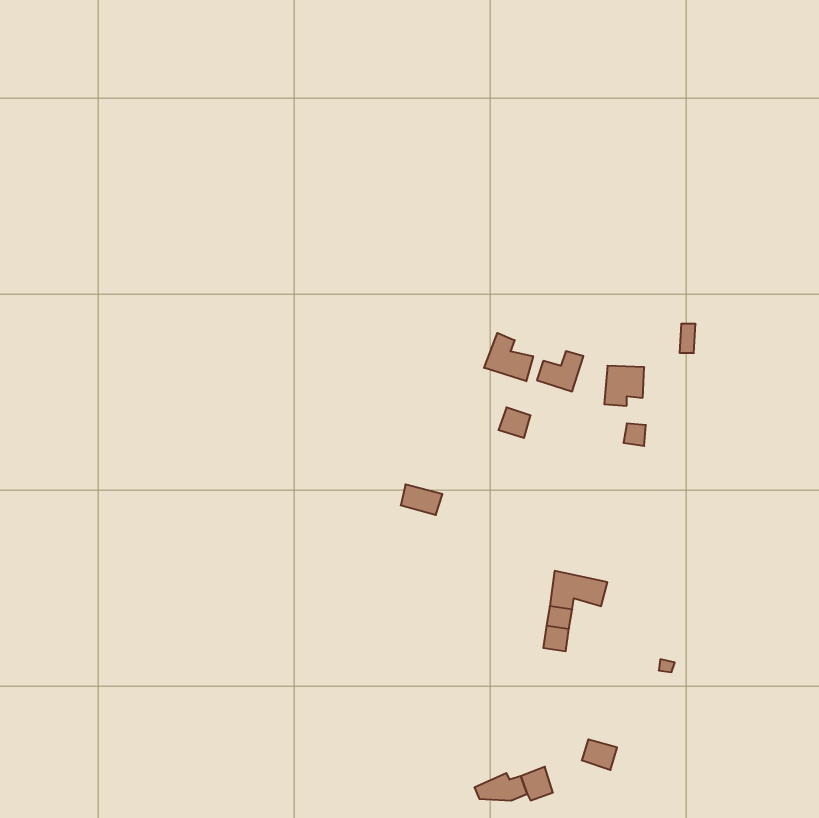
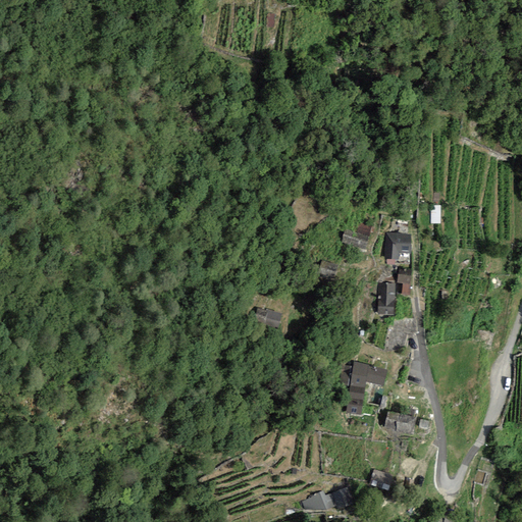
building: [484,333,533,381] -> none
building: none -> [378,284,396,314]
building: none -> [384,411,411,433]

